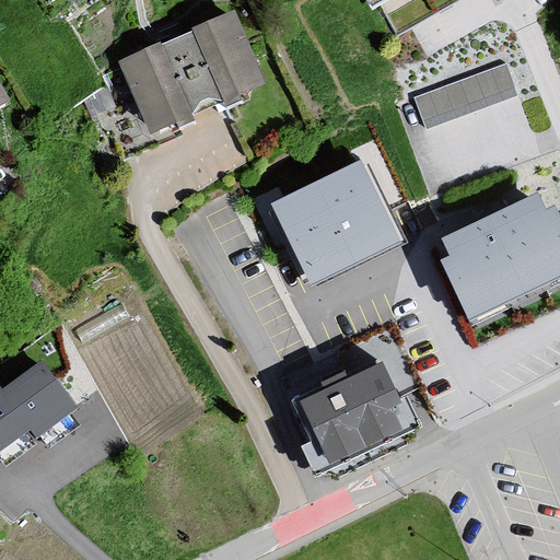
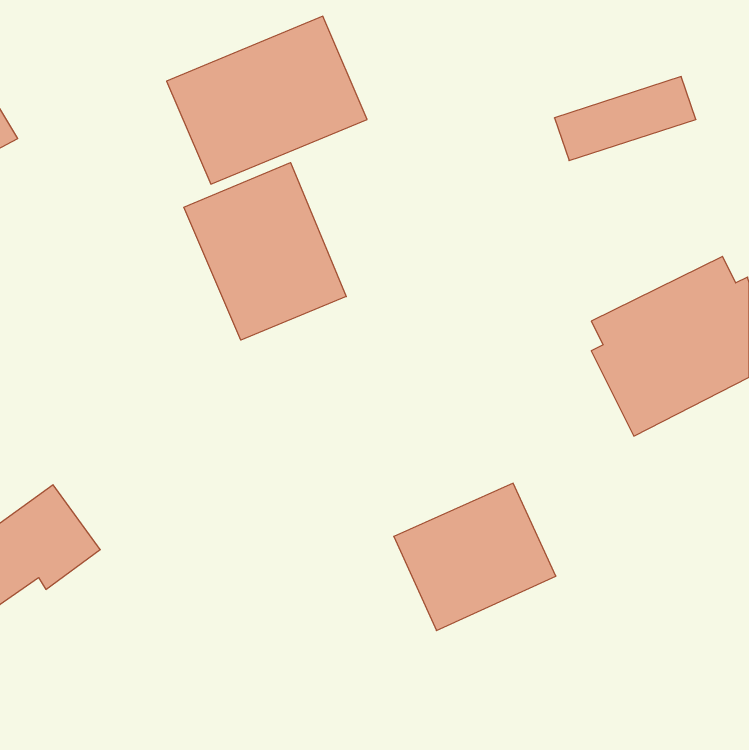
building: none -> [184,163,346,340]
building: [269,159,401,288] -> none

